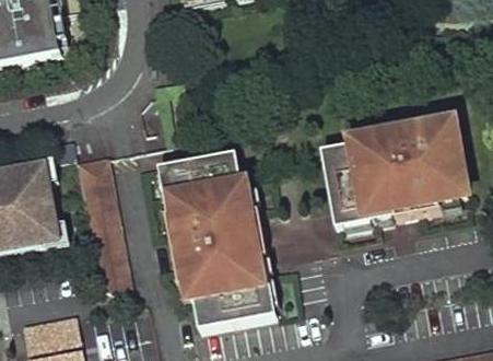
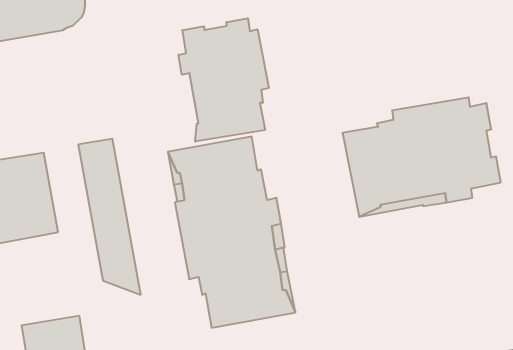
building: none -> [178,18,269,142]

